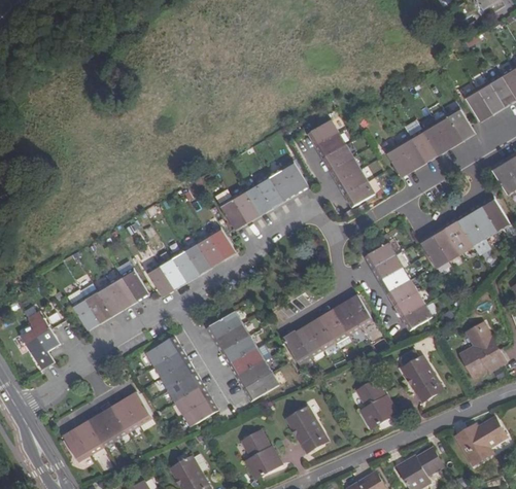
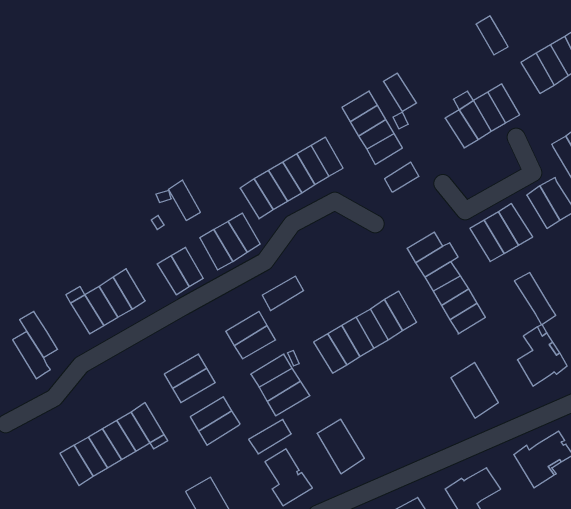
building: [446,106,474,140] -> [476,16,508,55]
building: [384,143,413,177] -> [383,73,417,112]
building: [336,169,367,196] -> none
building: [454,210,490,255] -> [514,273,556,325]
building: [171,247,199,282] -> [168,180,200,220]
building: [119,267,148,302] -> none
building: [145,336,182,365] -> none
building: [220,336,256,365] -> [262,276,304,311]
building: [167,373,204,403] -> [249,419,291,454]
building: [355,380,395,430] -> none

